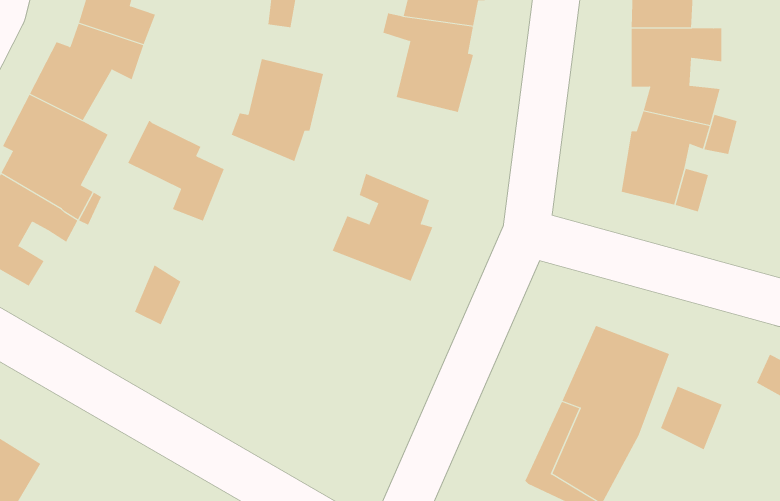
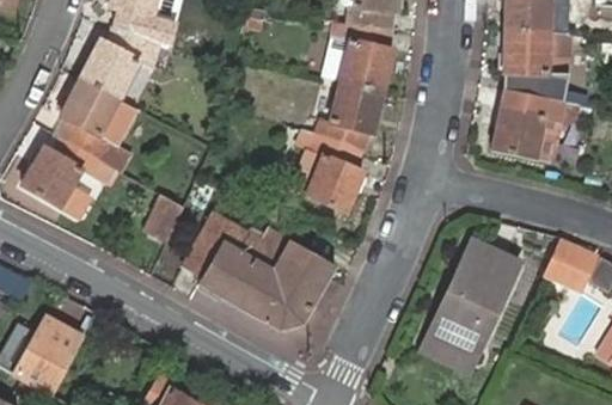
building: [231,59,324,162] -> [314,79,380,152]
building: [128,120,225,221] -> none
building: none -> [188,215,338,331]
building: [660,386,723,450] -> [551,244,595,289]

